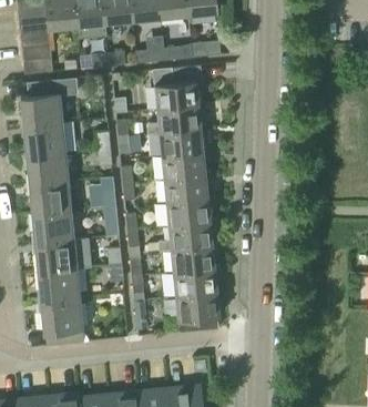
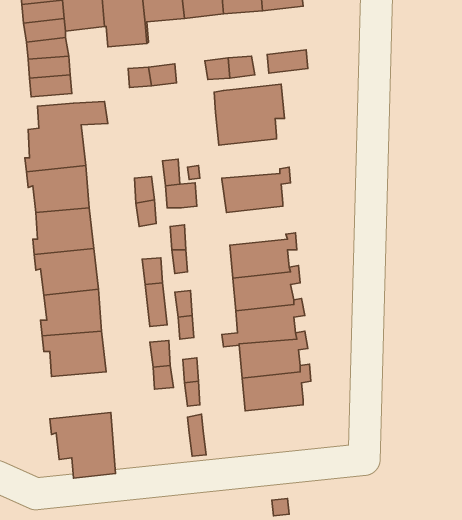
building: [146,101,206,135] -> none
building: [163,149,211,180] -> none
building: [38,269,81,303] -> none
building: [176,288,225,332] -> none

